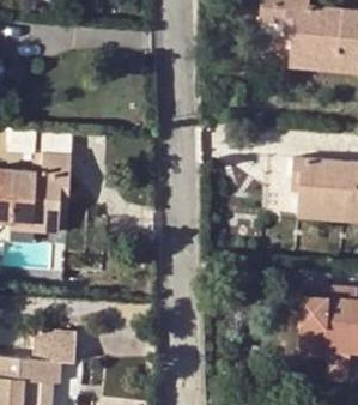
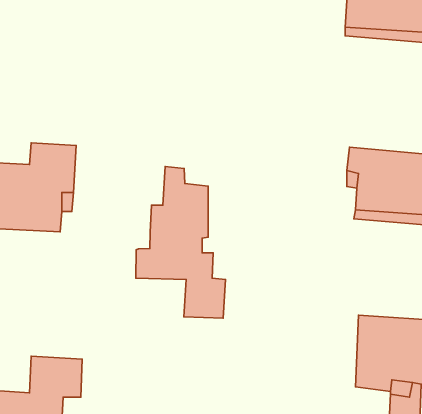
building: none -> [136,166,225,318]

